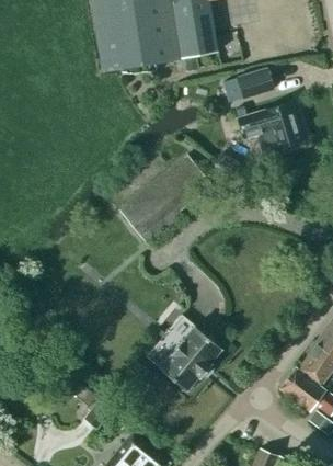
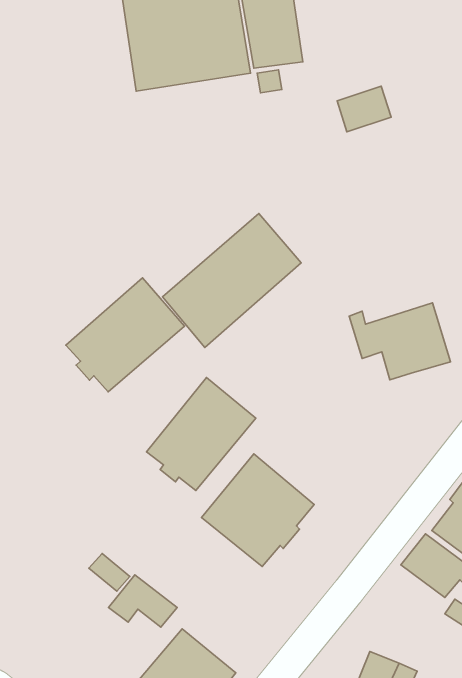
building: [234,102,302,154] -> [349,303,450,380]
building: none -> [66,278,184,392]
building: none -> [146,378,256,491]

